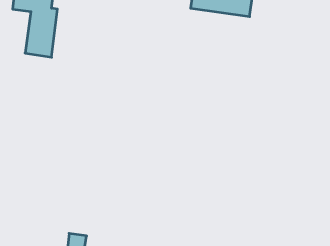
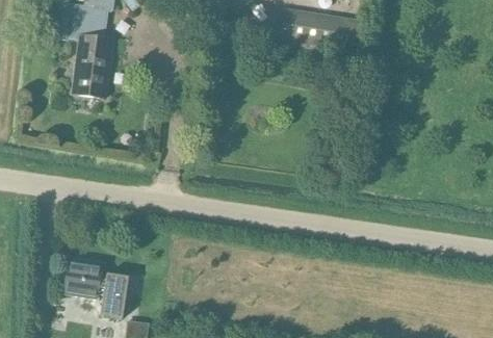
building: none -> [63,261,130,318]

